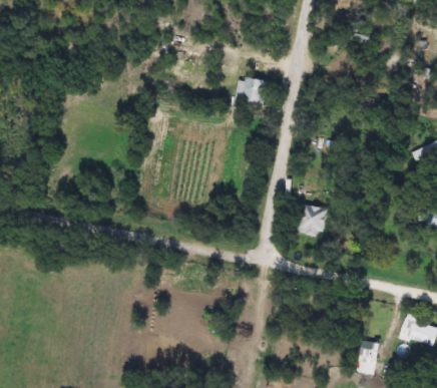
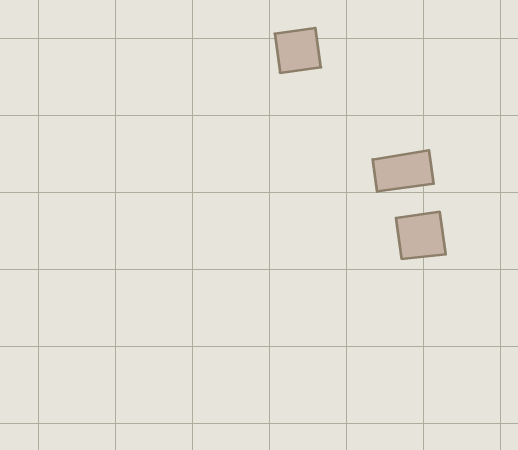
building: none -> [373,150,434,192]

